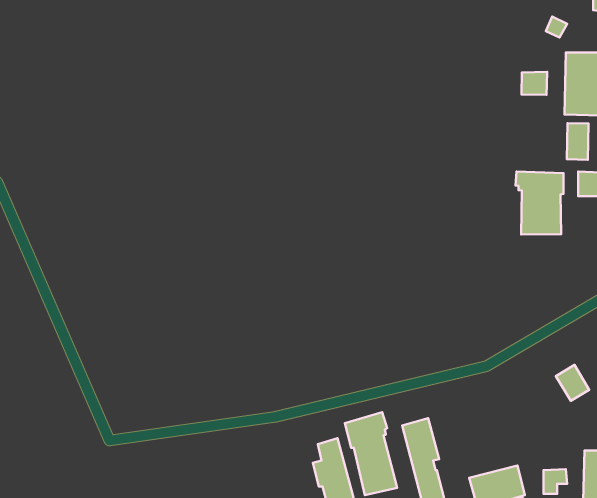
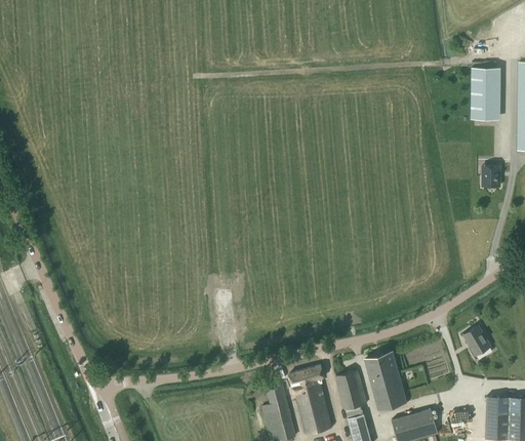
building: [521,72,547,95] -> none
building: [567,123,589,160] -> none
building: [515,172,563,235] -> none
building: none -> [364,353,406,411]

